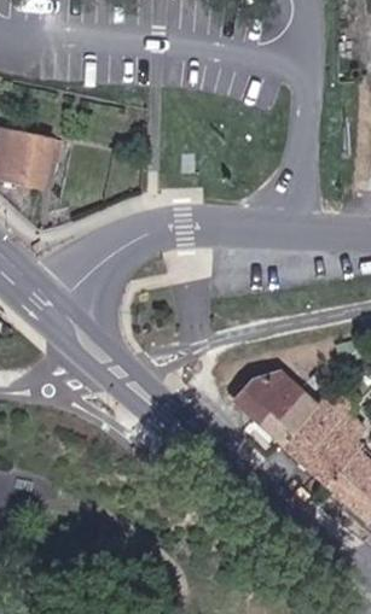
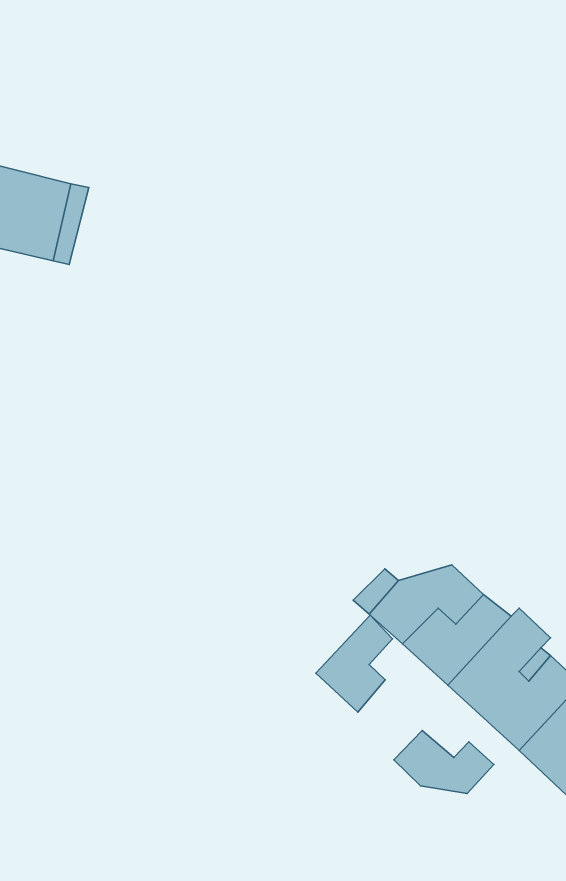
building: none -> [316,615,392,712]
building: none -> [394,731,494,794]

